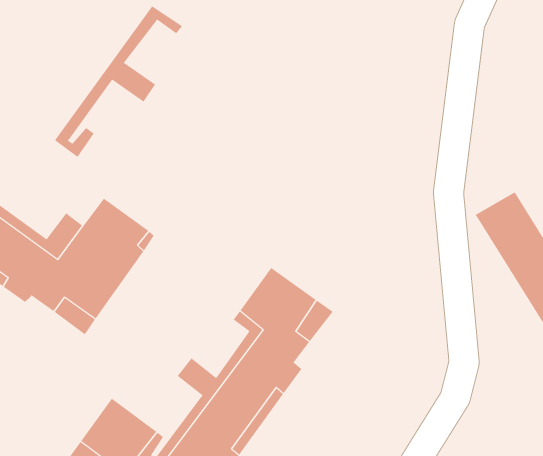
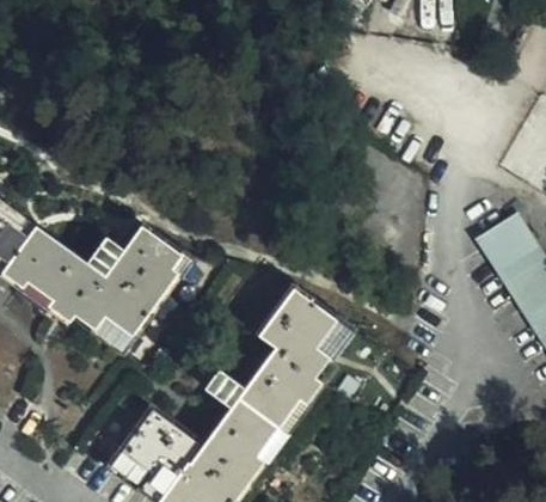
building: [54,5,183,158] -> none

